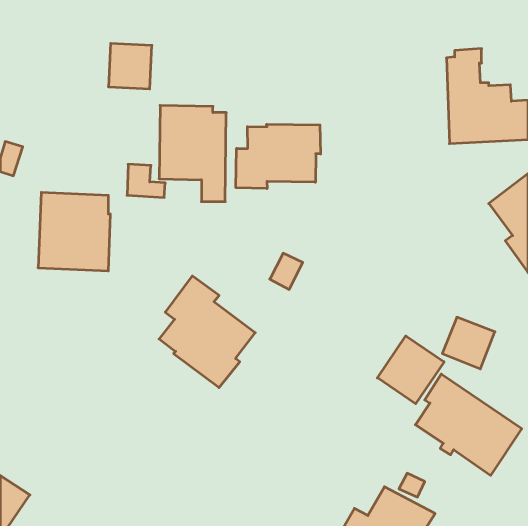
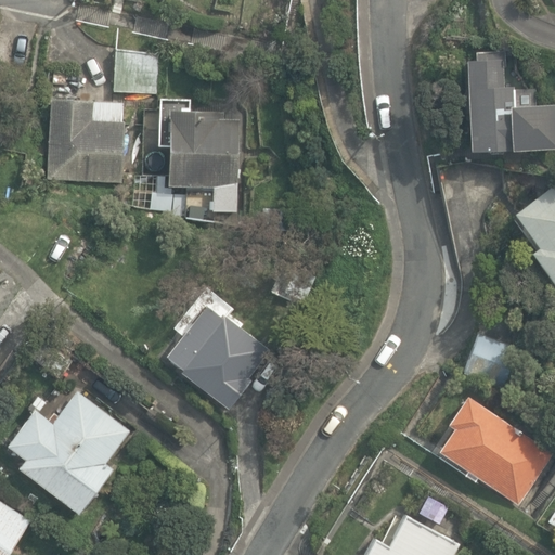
building: [236,124,321,189] -> none
building: [38,192,110,271] -> [49,101,125,183]
building: [377,336,444,404] -> none
building: none -> [9,392,130,515]

